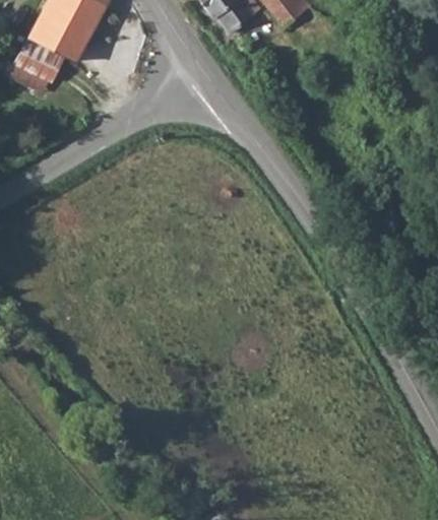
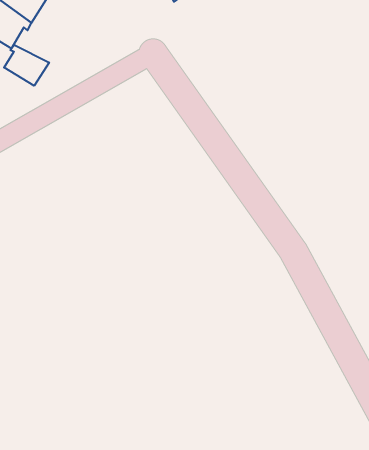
building: none -> [4,45,49,86]

